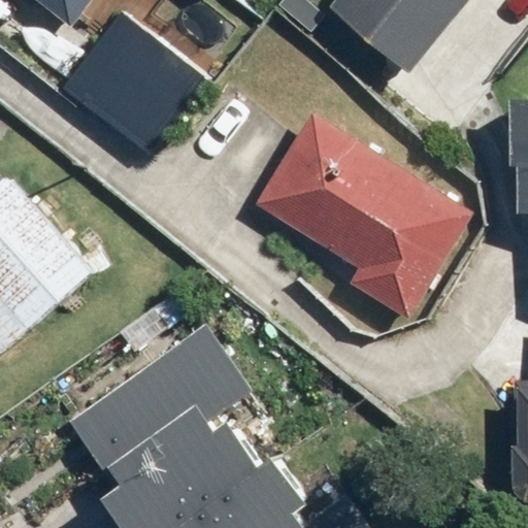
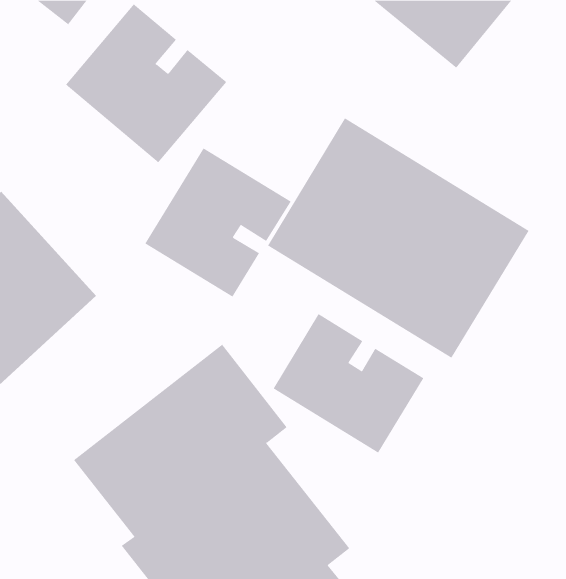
building: none -> [144,147,292,298]
building: none -> [273,313,424,453]

